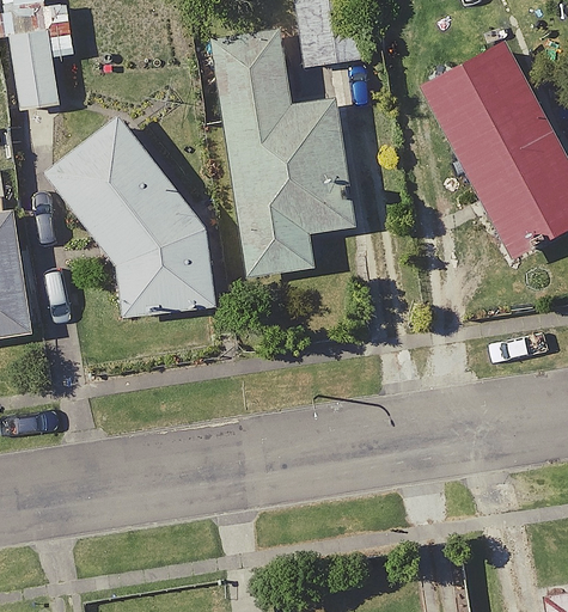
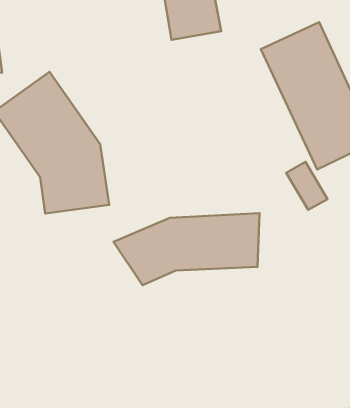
building: [210,29,353,277] -> none
building: none -> [114,213,260,285]

